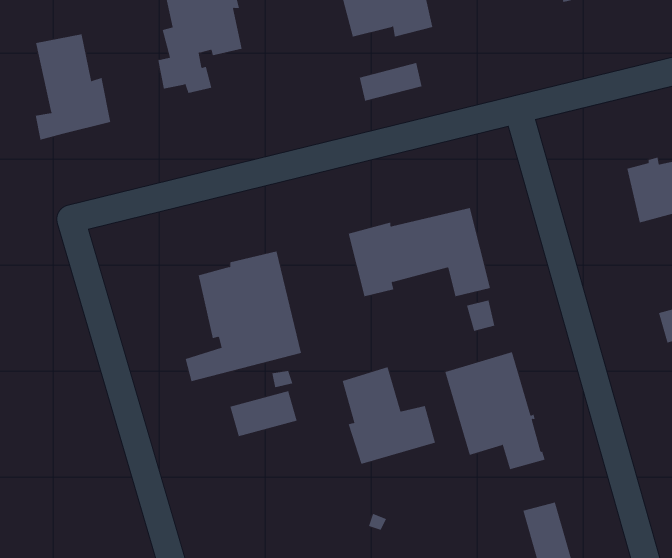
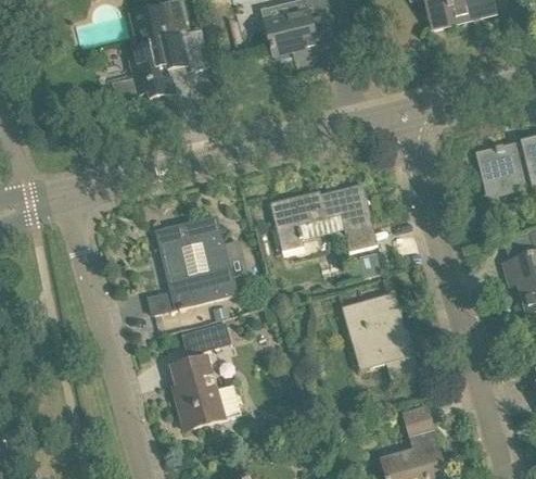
building: [35,34,111,140] -> none
building: [359,62,422,102] -> none
building: [342,366,436,464] -> [171,355,242,429]

